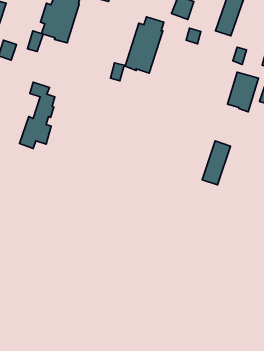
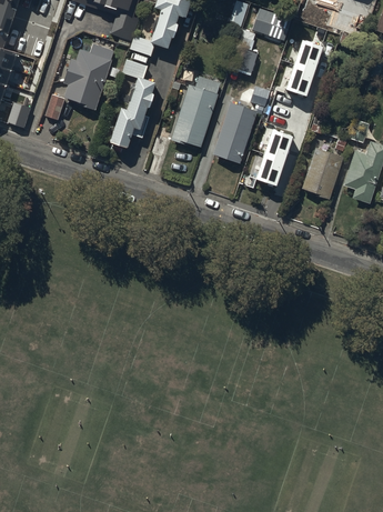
building: none -> [212,101,255,162]
building: [19,82,55,149] -> [108,59,153,144]
building: [202,141,231,185] -> [256,132,293,189]

